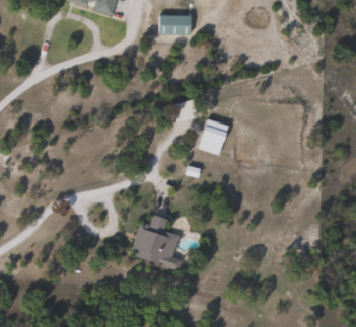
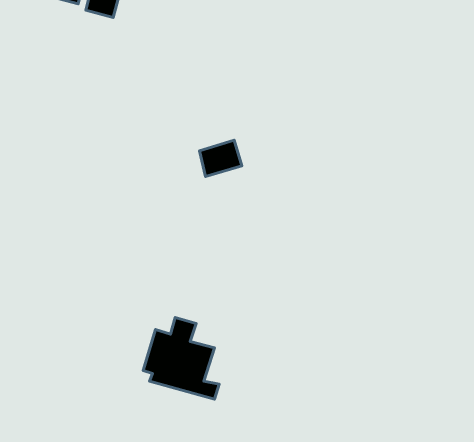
building: [158,13,190,33] -> none
building: [197,118,227,155] -> none

